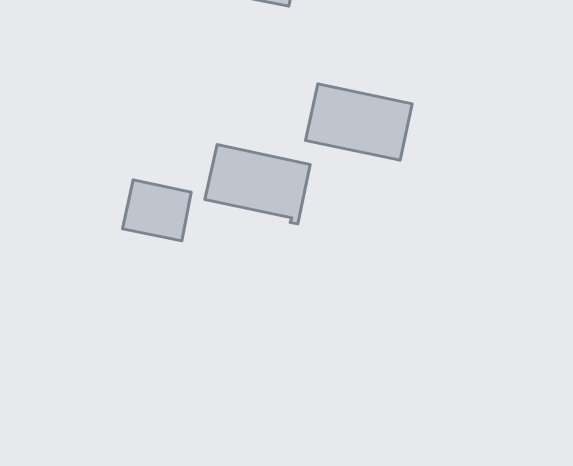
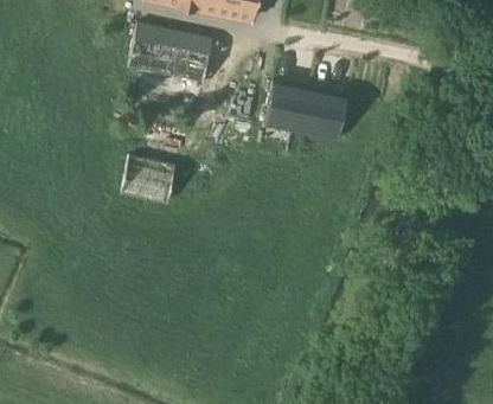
building: [205,145,310,224] -> [130,24,212,85]

